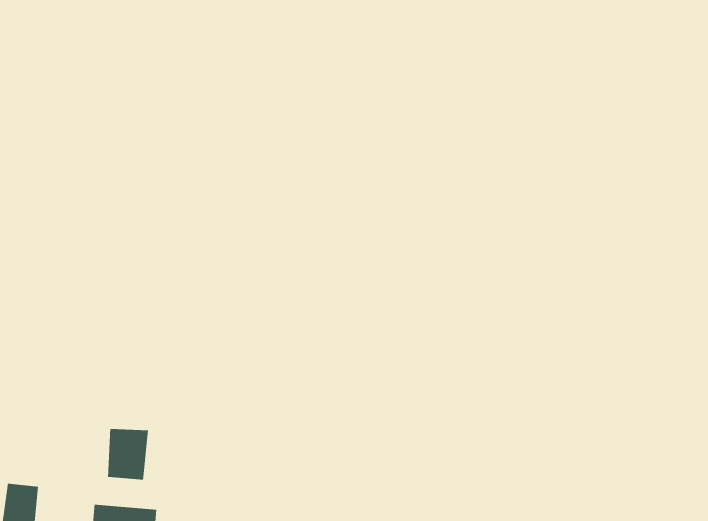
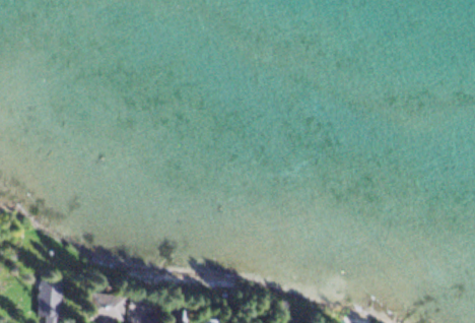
building: [107,428,149,481] -> none

